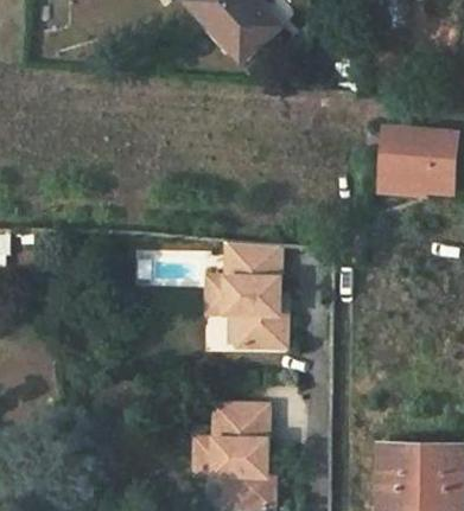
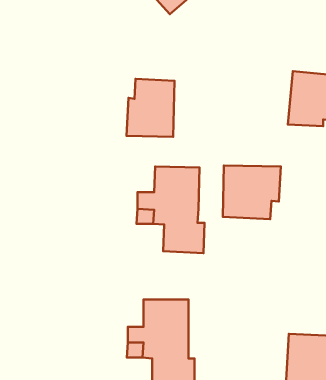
building: none -> [127,79,174,137]
building: none -> [223,165,281,219]

